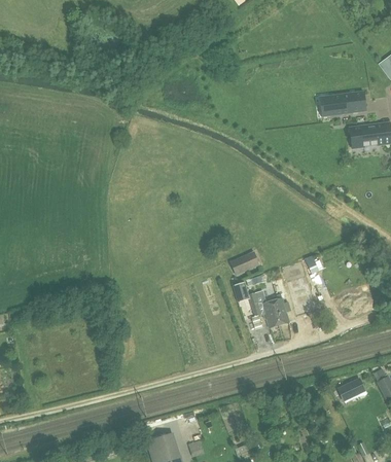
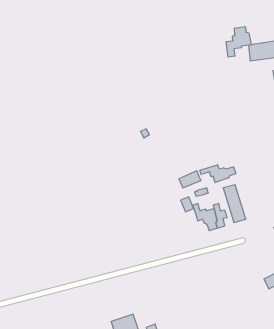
building: none -> [226,27,251,57]
building: none -> [200,165,236,183]

